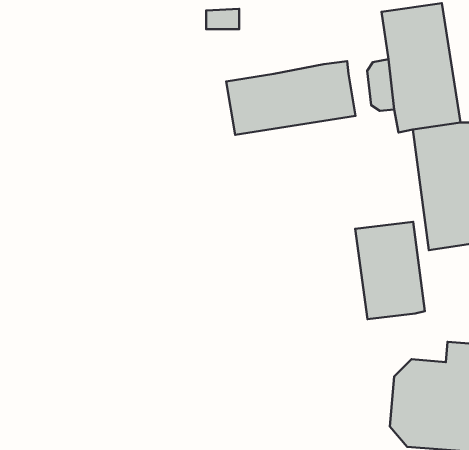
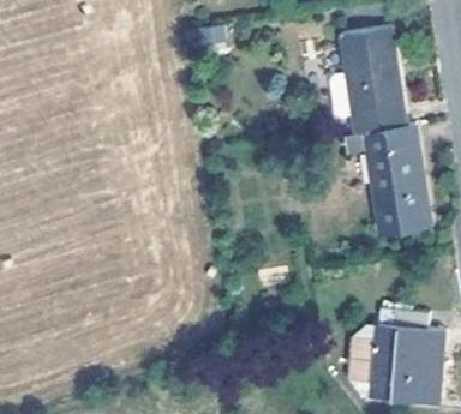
building: [226,61,355,135] -> none
building: [355,222,425,319] -> none

